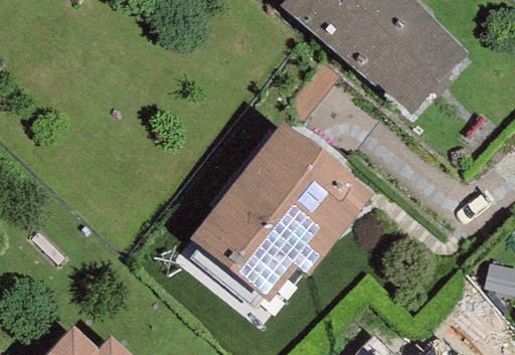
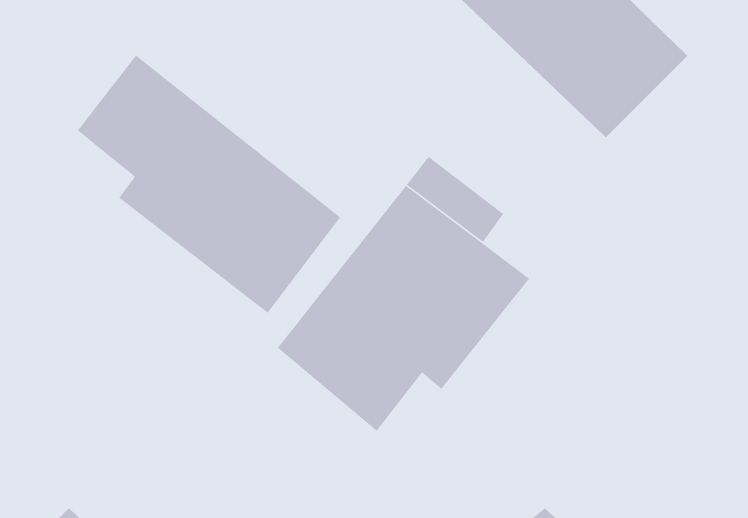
building: none -> [77,54,341,314]

